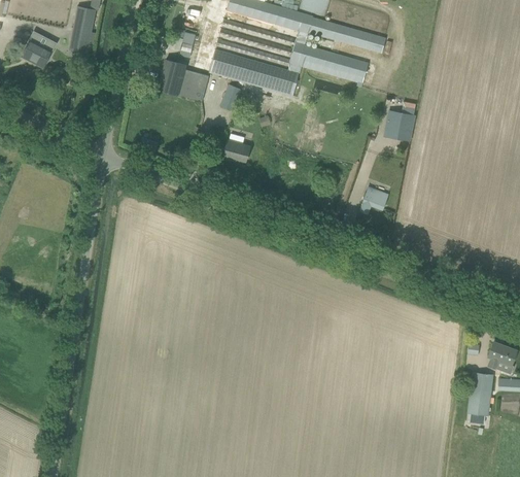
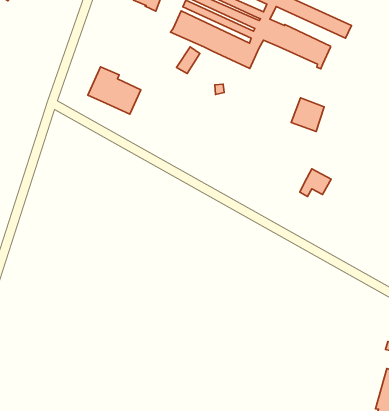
building: [159,59,210,101] -> [88,67,141,114]
building: [385,109,415,140] -> [291,98,324,132]
building: [223,133,251,161] -> none

